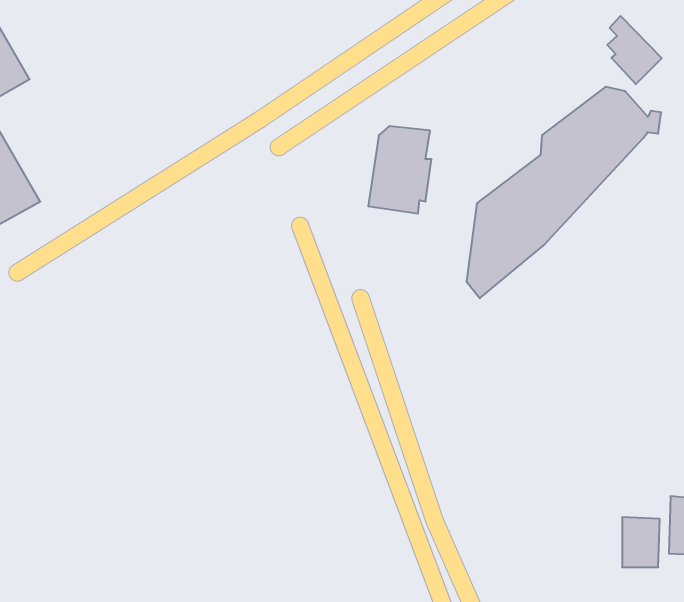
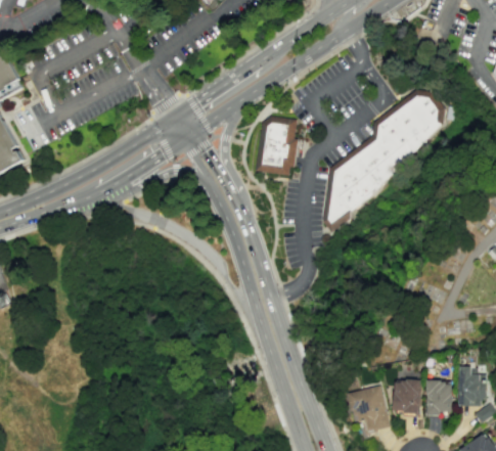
building: [607,16,662,84] -> none
building: none -> [393,379,420,414]
building: none -> [348,386,390,434]

